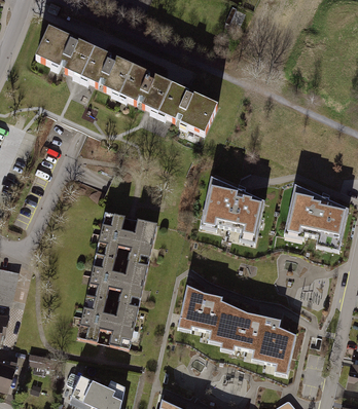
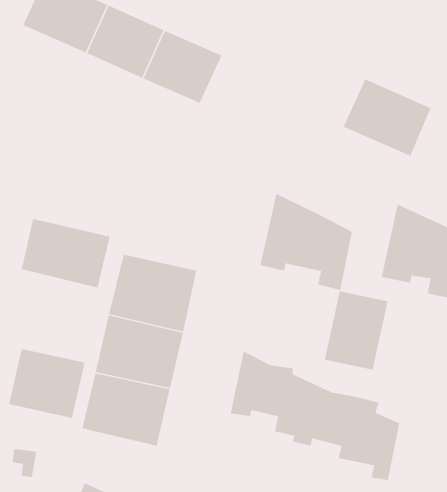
building: [158,79,220,134] -> [343,78,431,157]
building: none -> [21,218,110,289]
building: none -> [324,290,388,371]
building: none -> [8,348,86,419]

